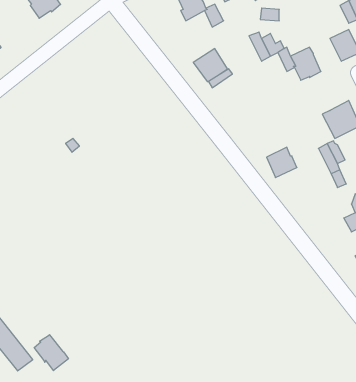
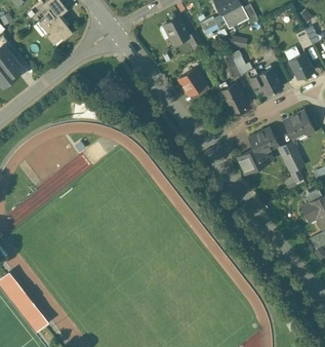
building: none -> [219,83,247,113]
building: none -> [249,128,279,156]
building: [34,335,68,371] -> none

